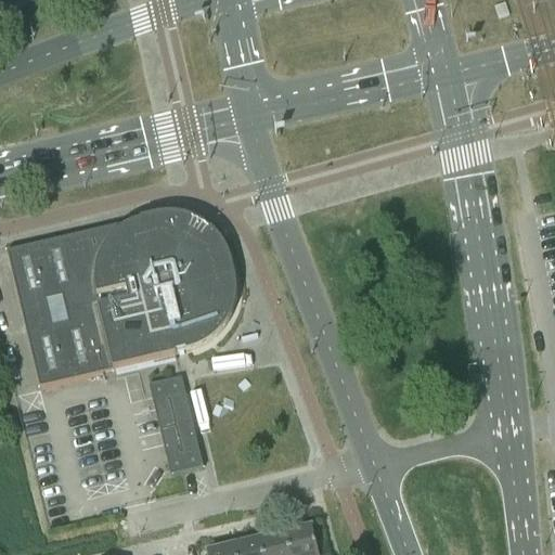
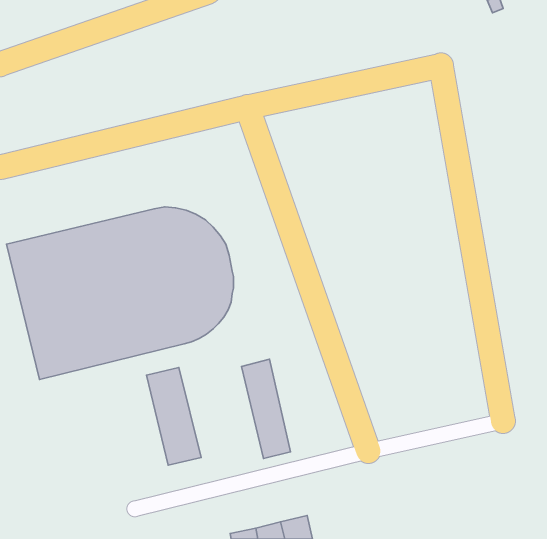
building: none -> [242,359,291,459]

